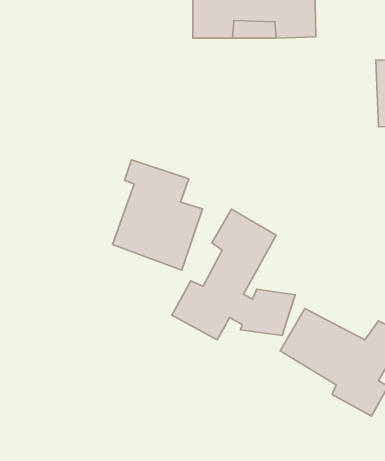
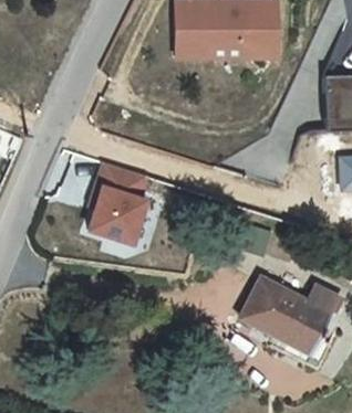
building: [172,209,295,340] -> none

